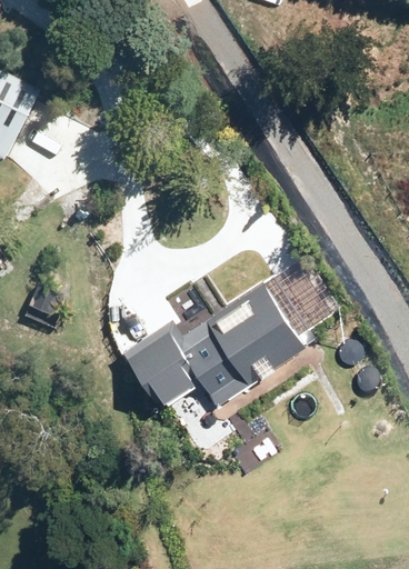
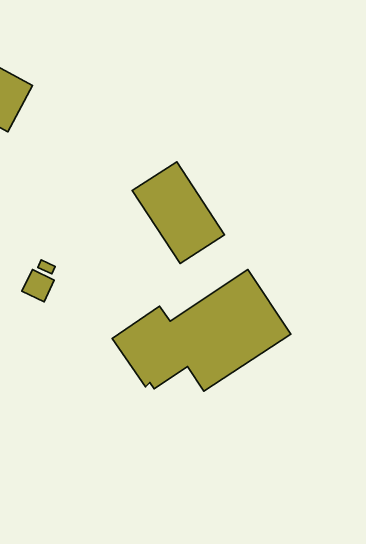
building: none -> [132,162,225,264]

